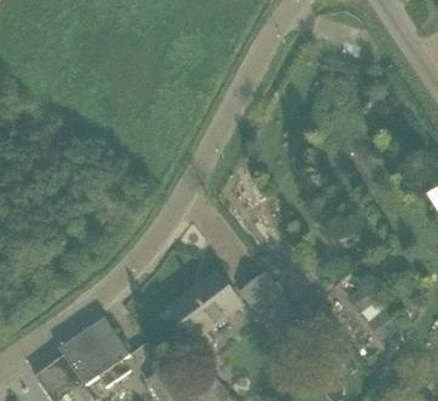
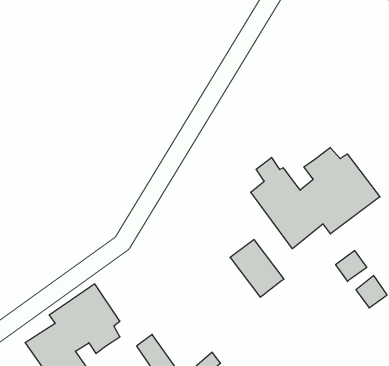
building: none -> [251,147,380,249]
building: [167,271,239,353] -> none

